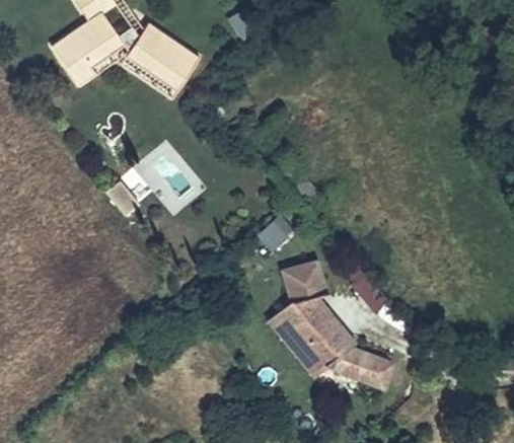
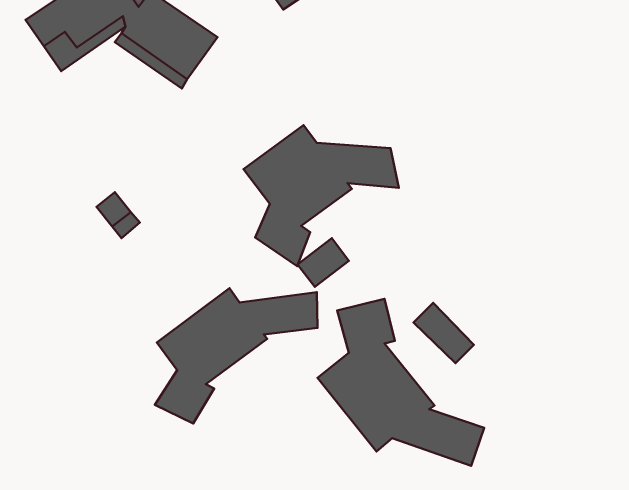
building: none -> [243,125,399,266]
building: none -> [155,288,317,423]

